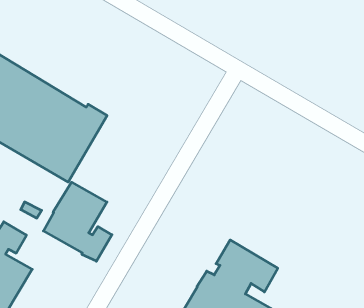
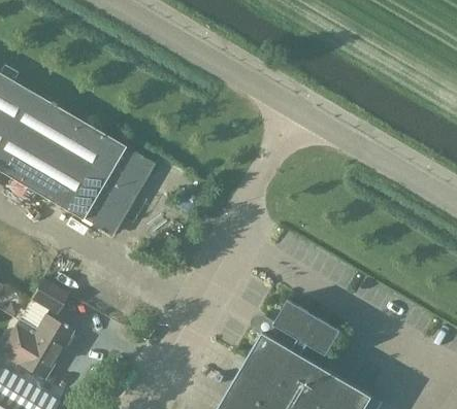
building: [43,182,112,261] -> none

